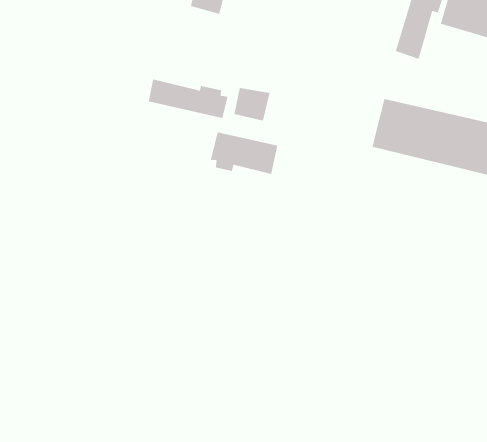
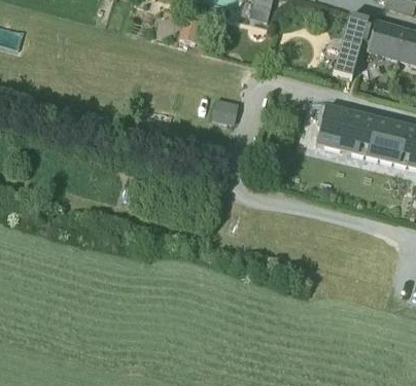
building: [148,79,229,119] -> none
building: [210,131,278,175] -> none

